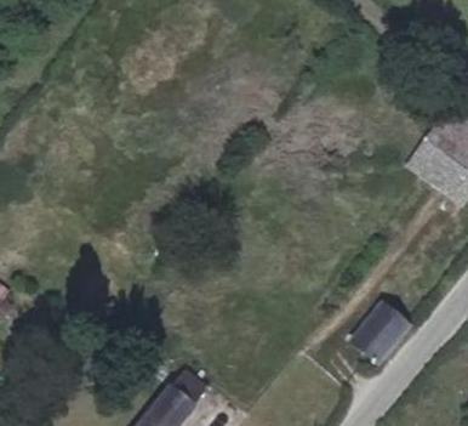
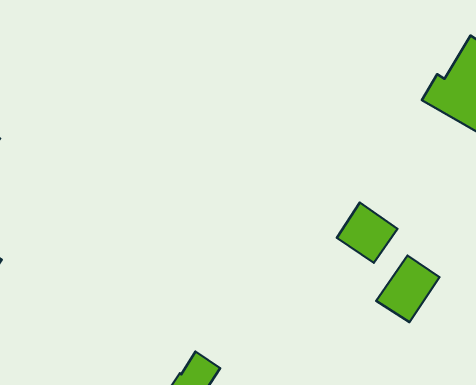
building: none -> [337,202,397,263]

